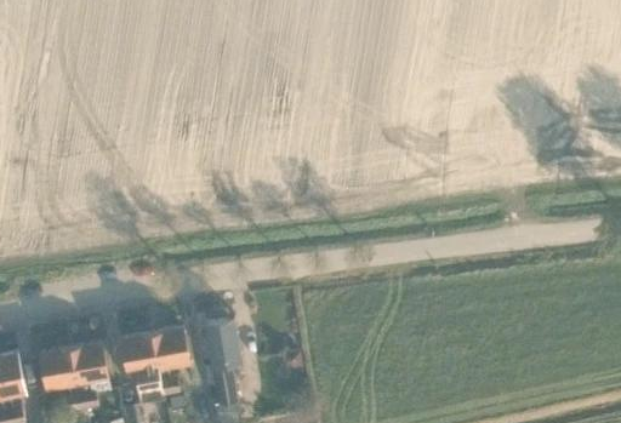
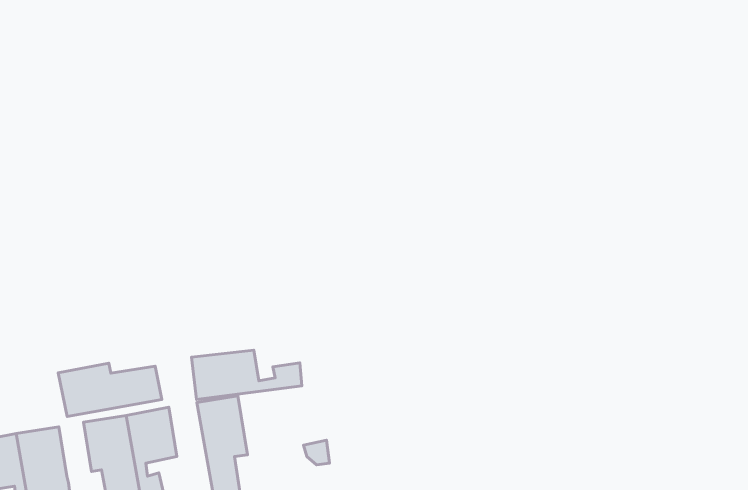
building: none -> [191,350,302,400]
building: none -> [58,363,162,416]

